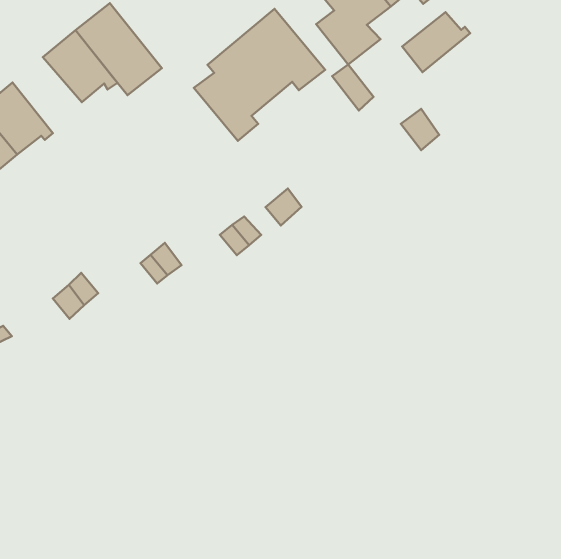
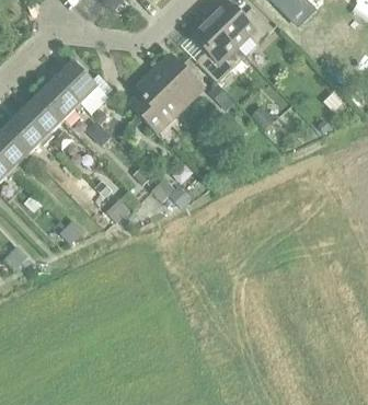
building: [402,12,470,72] -> none
building: none -> [21,94,62,138]

